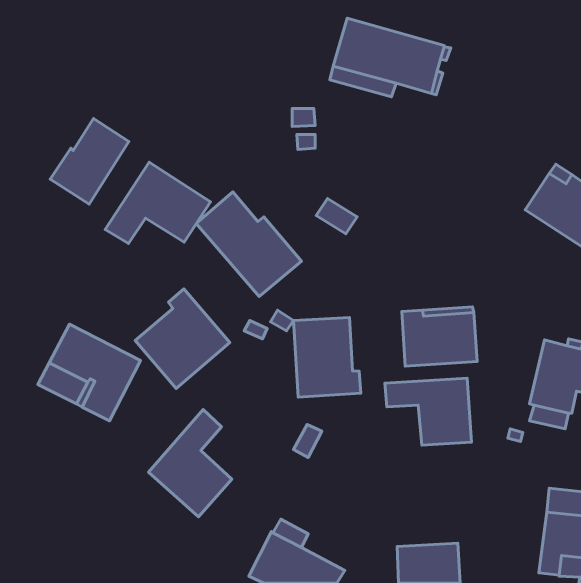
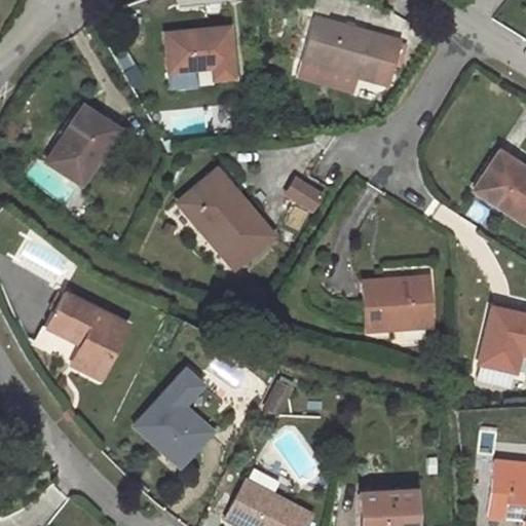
building: none -> [165,27,234,79]
building: [105,162,211,244] -> none
building: [135,289,230,389] -> none
building: [293,317,361,397] -> none
building: [385,378,471,445] -> none

